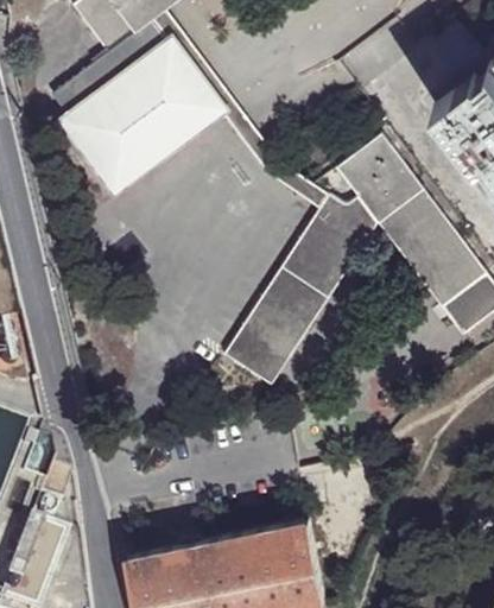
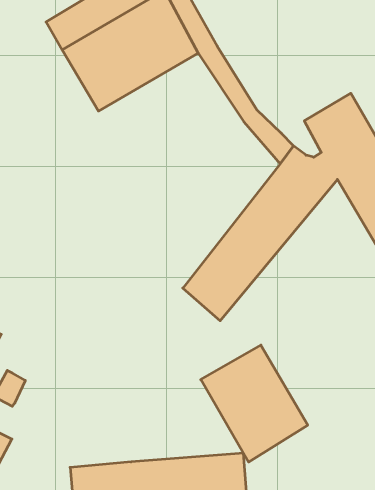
building: none -> [201,345,308,462]

